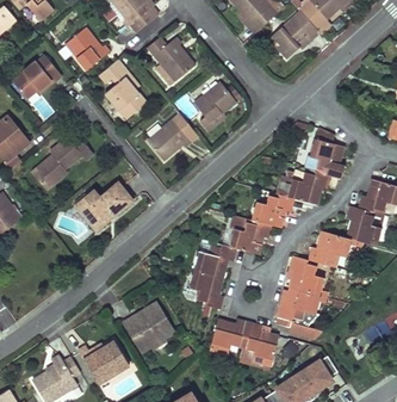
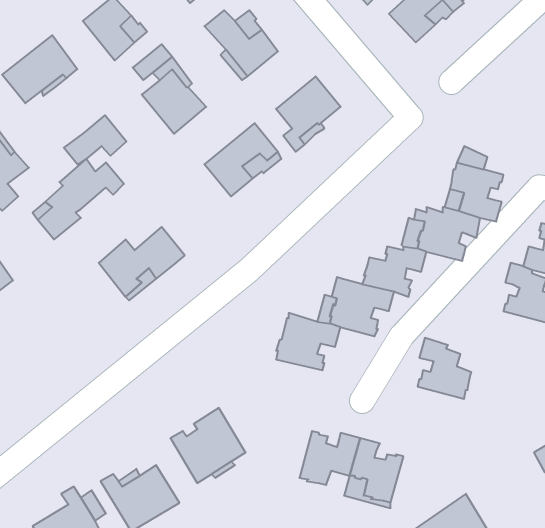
building: none -> [64,115,126,165]
building: [308,230,362,264] -> none
building: [188,270,224,309] -> none
building: [275,287,318,321] -> none

